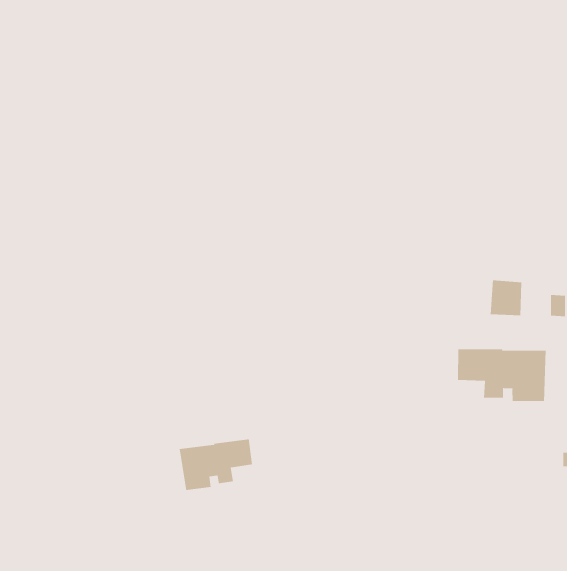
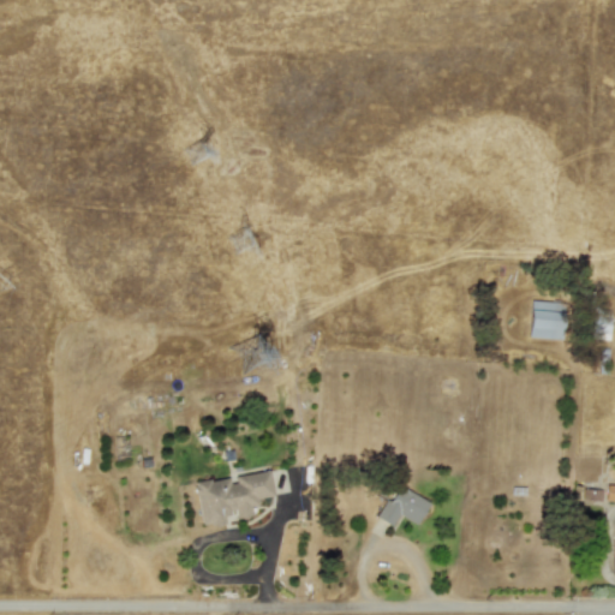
building: [458,348,546,402] -> none
building: none -> [381,485,432,527]

